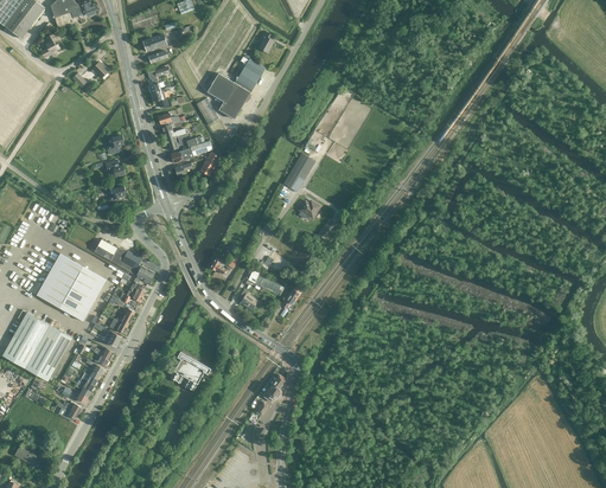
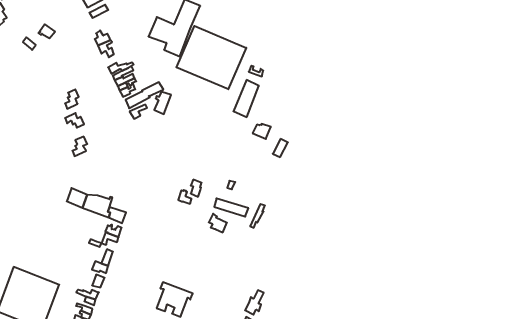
building: none -> [176,26,246,89]
building: [36,253,106,321] -> none

